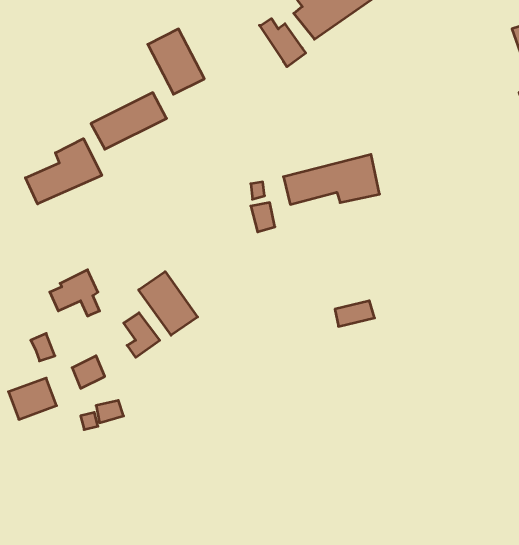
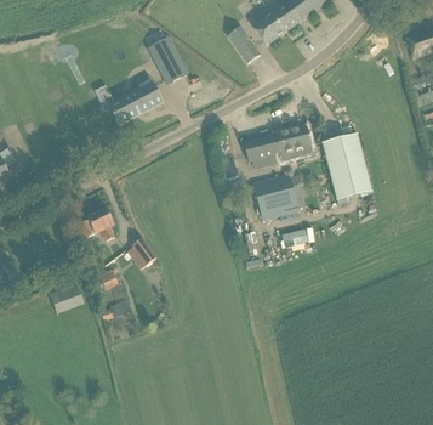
building: [25,139,102,204] -> none
building: none -> [321,134,371,200]
building: none -> [253,174,297,219]
building: [139,272,198,335] -> none

